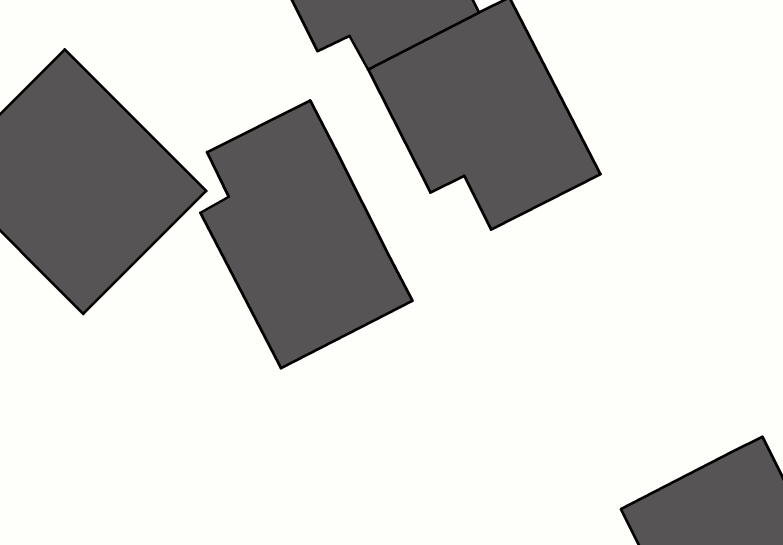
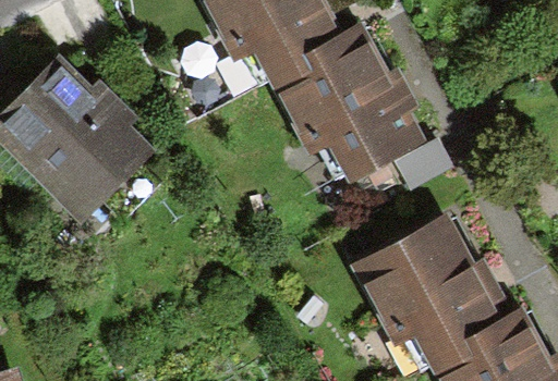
building: [200,100,412,368] -> none
building: none -> [356,216,500,353]

